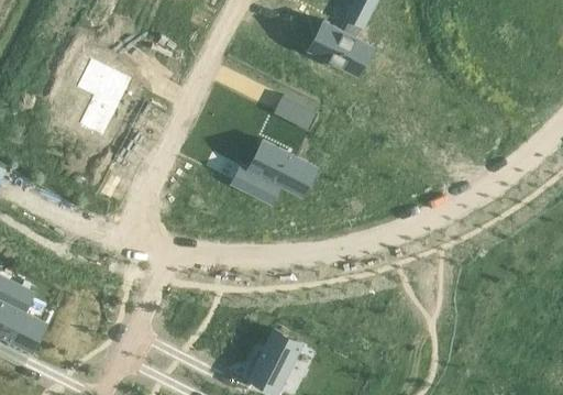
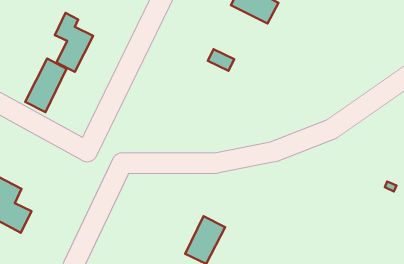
building: none -> [25,59,67,112]
building: [232,139,316,201] -> none

